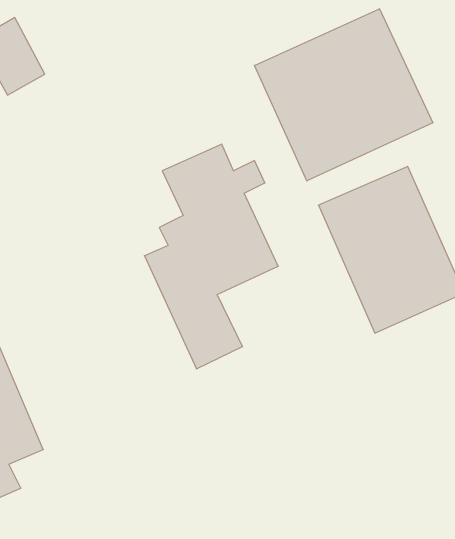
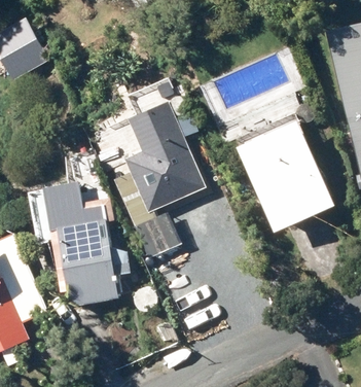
building: [254,9,433,181] -> none
building: none -> [42,182,130,313]

